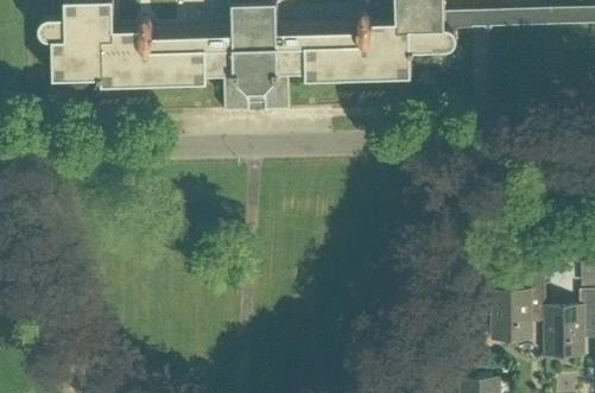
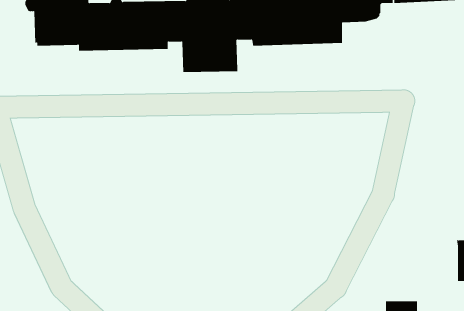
building: [492,273,546,338] -> none

